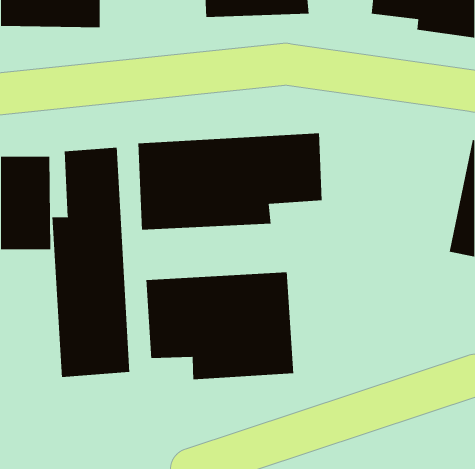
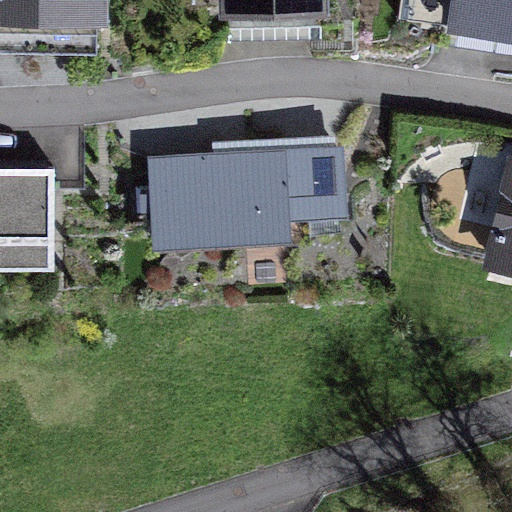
building: [52,147,130,378] -> none
building: [146,271,294,380] -> none

